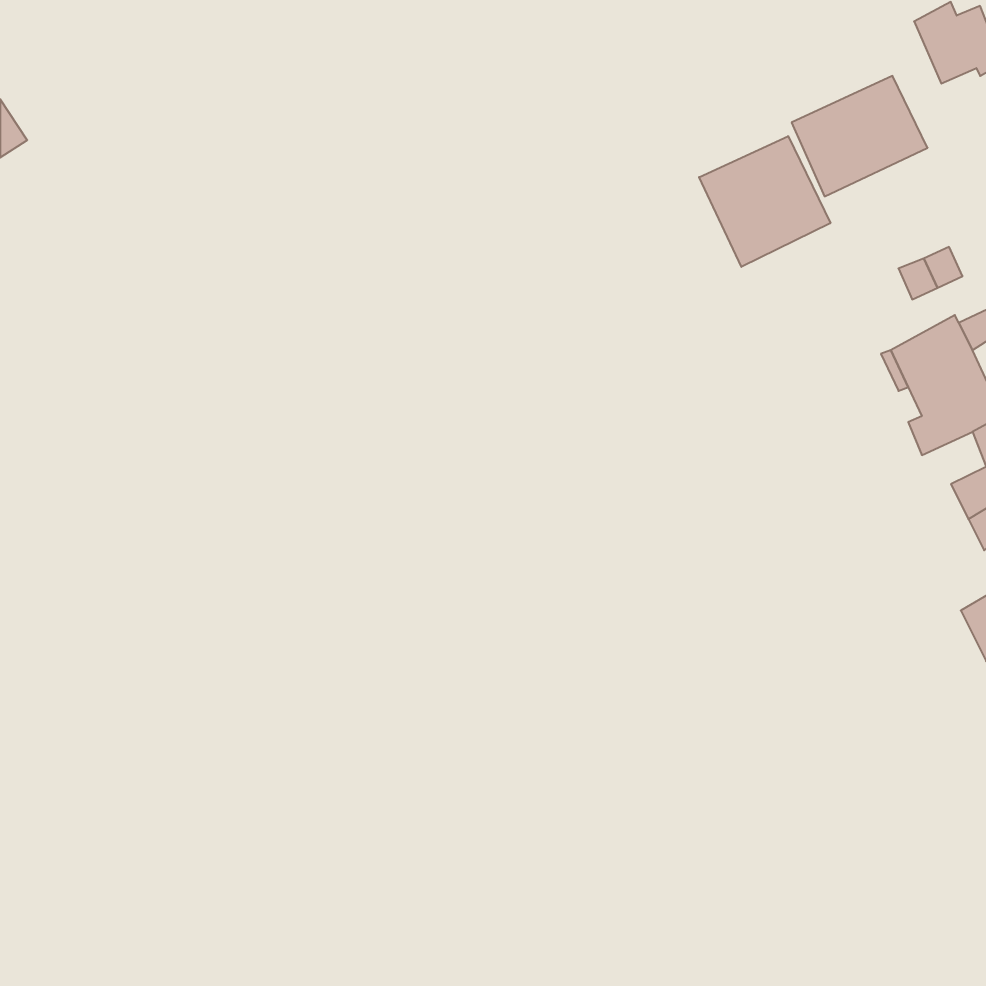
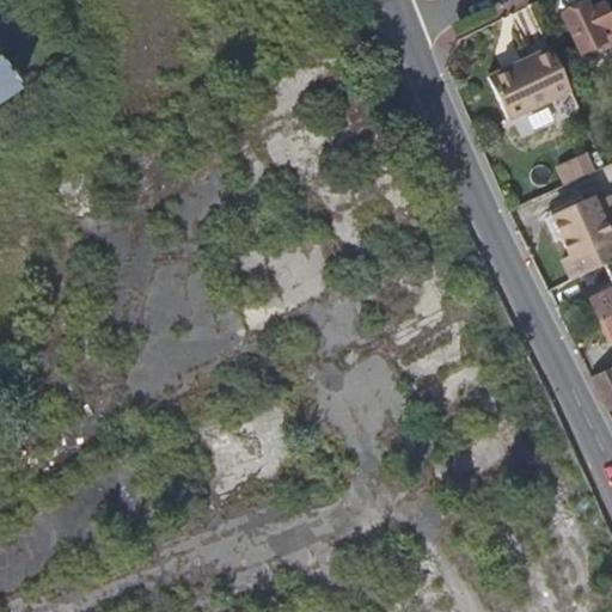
building: [699,136,830,267] -> none

